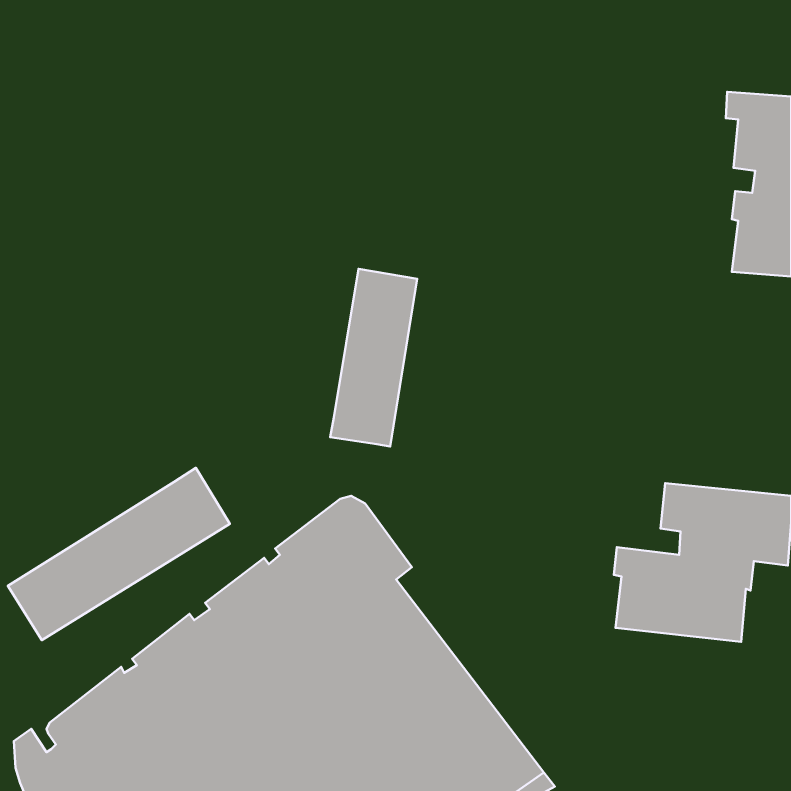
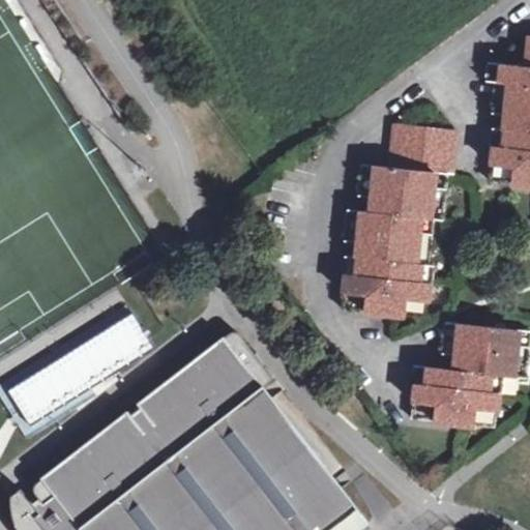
building: none -> [340,124,454,319]
building: [330,269,417,446] -> none

